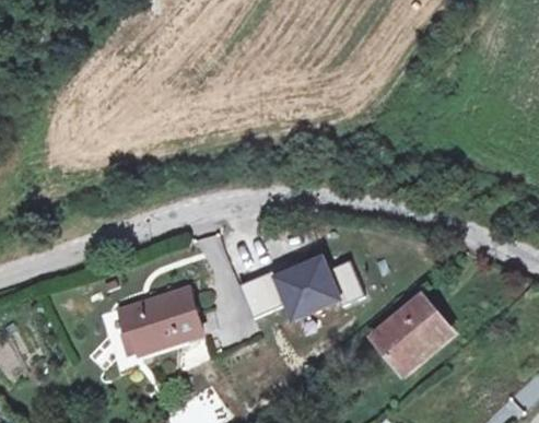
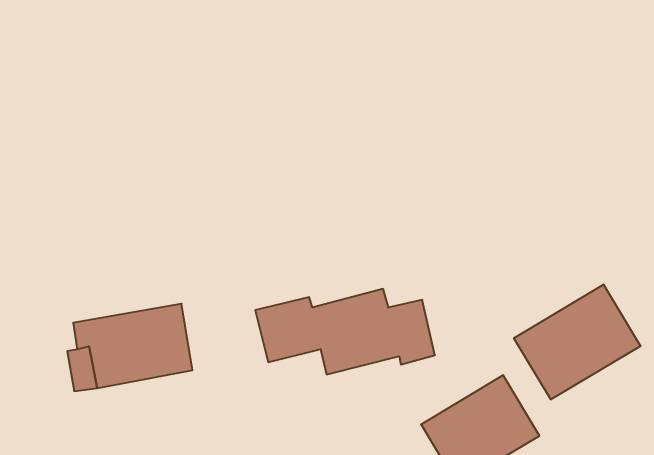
building: none -> [514,284,641,400]

